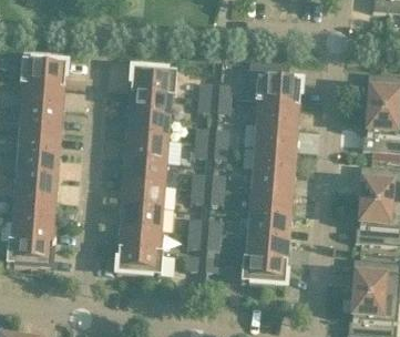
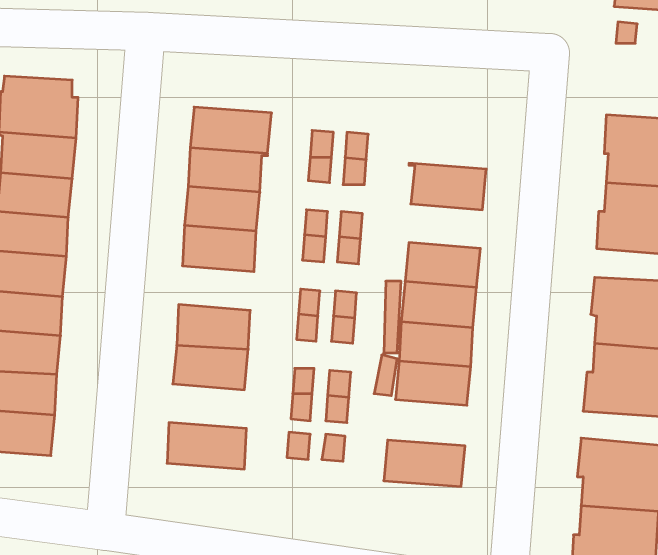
building: [248,62,300,103] -> none
building: [255,123,297,149] -> none
building: [123,159,166,184] -> none
building: [117,226,162,252] -> none
building: [243,235,288,262] -> none

